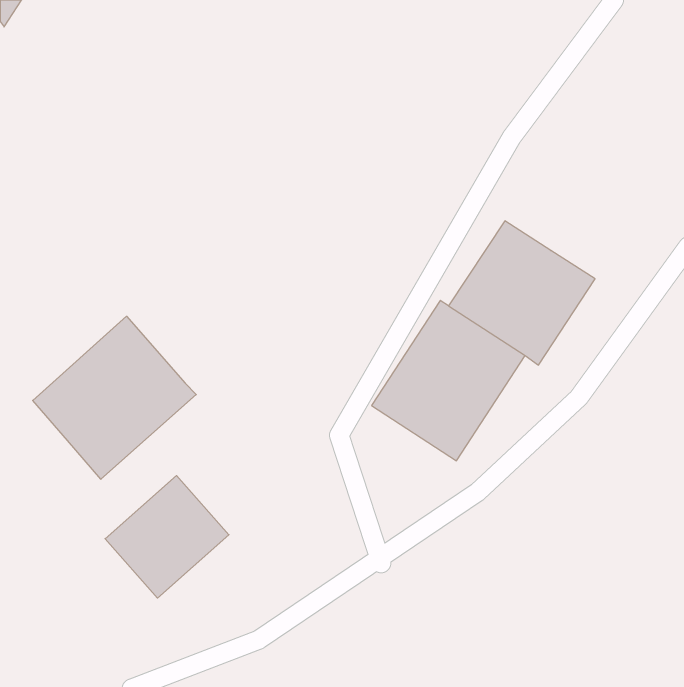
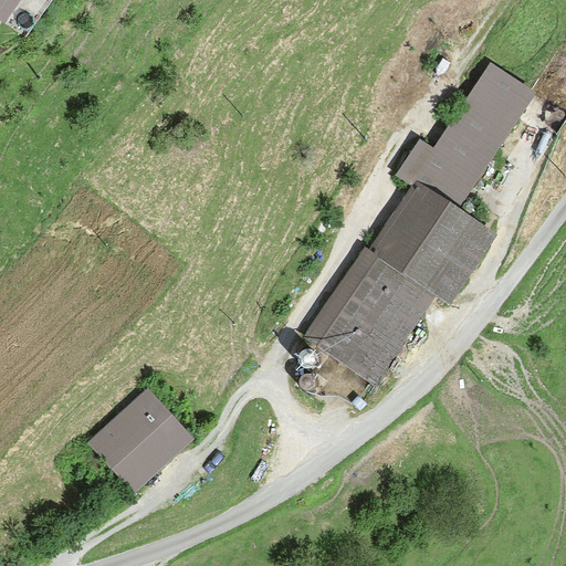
building: none -> [402,66,532,207]
building: [33,316,196,479] -> none

